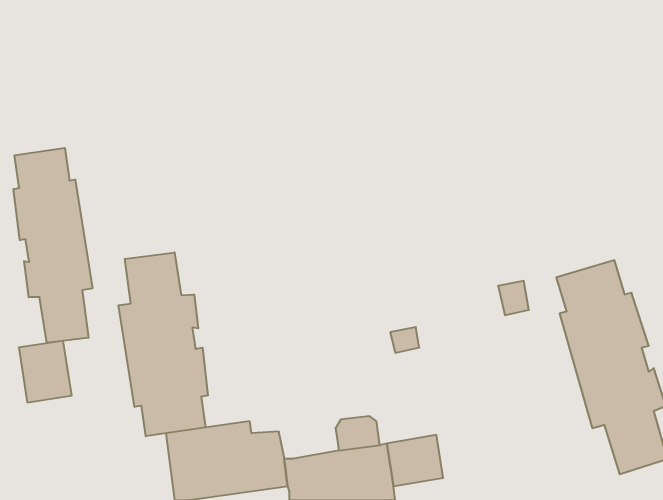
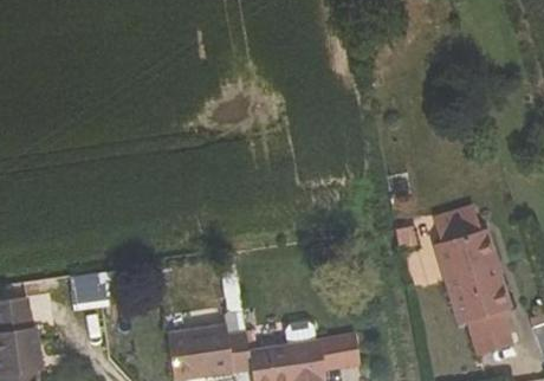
building: [13,148,92,343] -> none
building: [118,252,208,436] -> none

